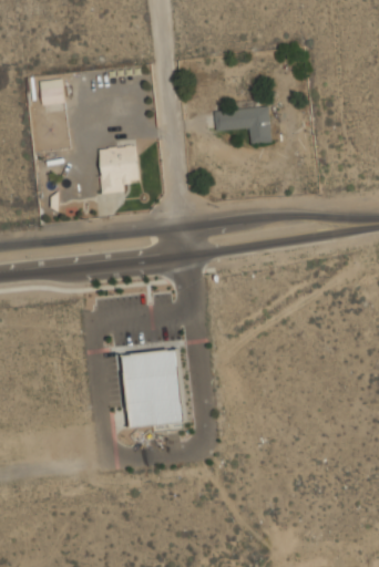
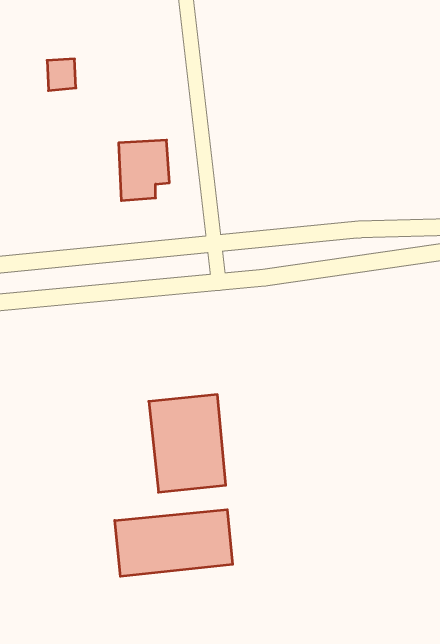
building: [214,106,270,143] -> none
building: none -> [115,510,233,576]

